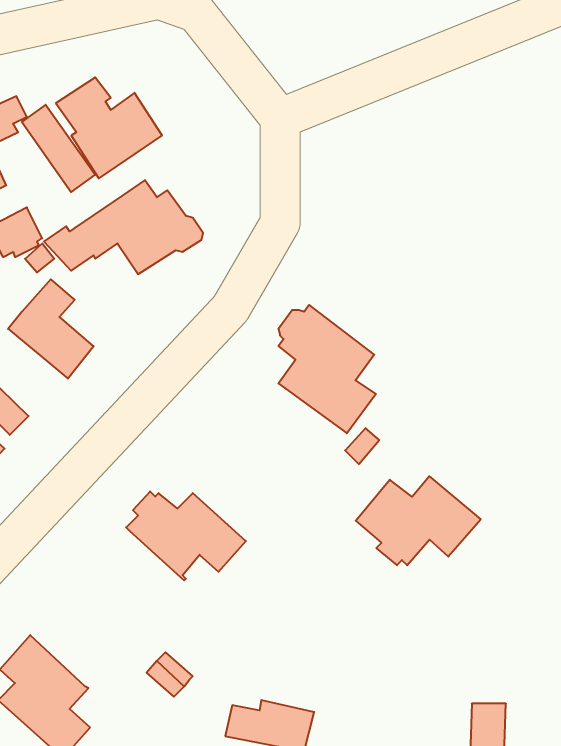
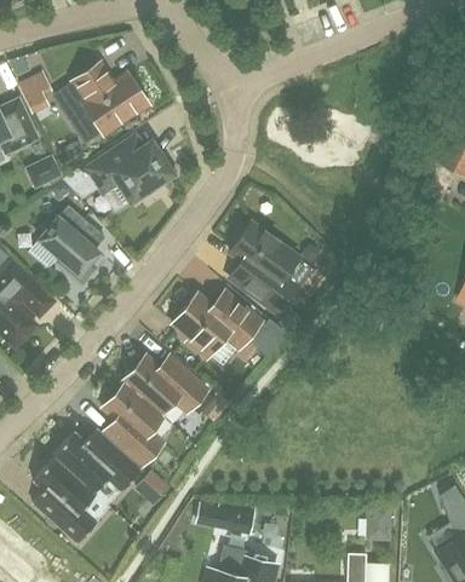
building: [356,476,481,565] -> [173,292,262,355]
building: none -> [103,382,163,465]
building: none -> [53,431,140,492]

